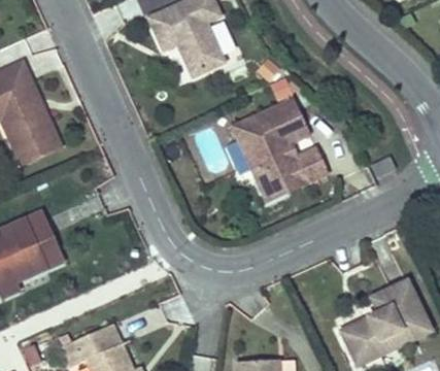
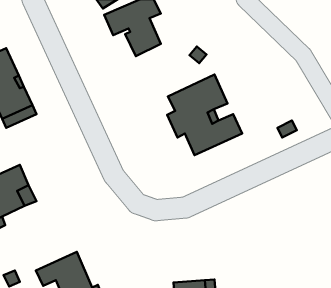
building: [339,279,429,365] -> none

